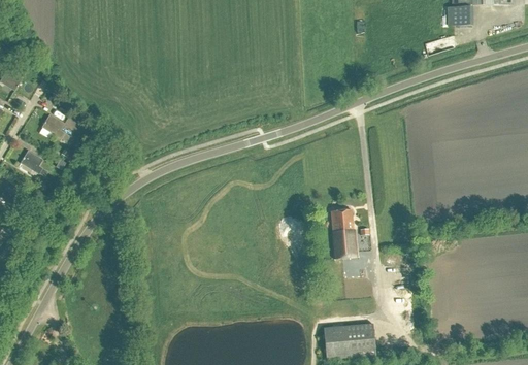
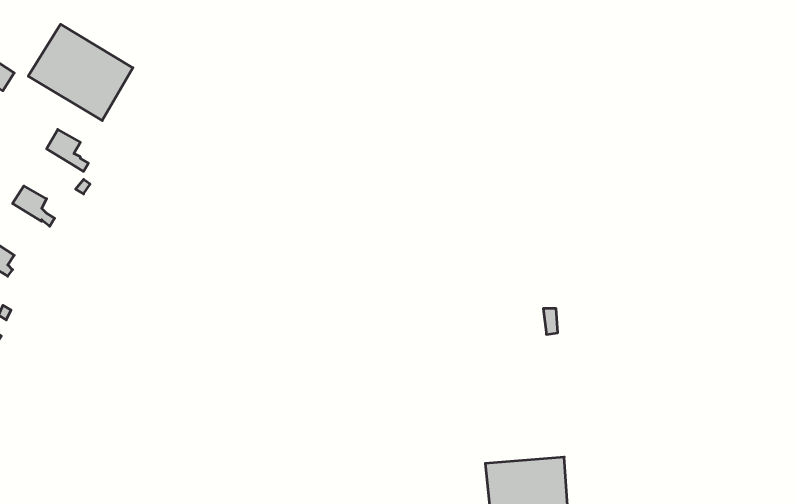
building: none -> [28,24,133,121]
building: [331,208,358,258] -> none

